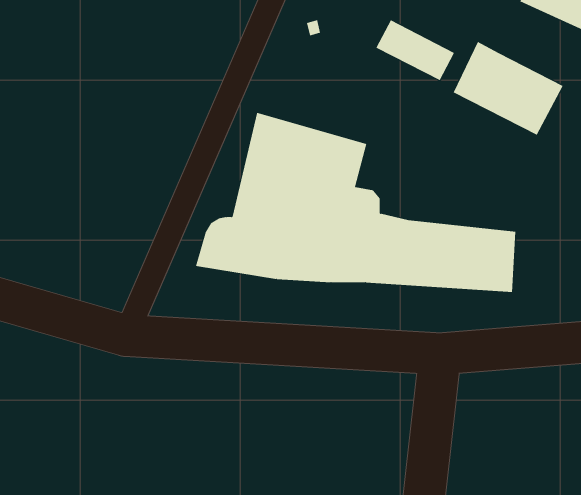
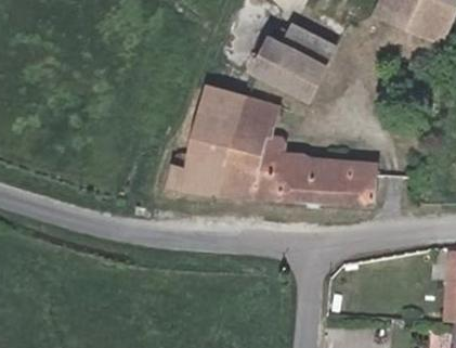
building: [453,41,564,136] -> [252,35,325,96]

